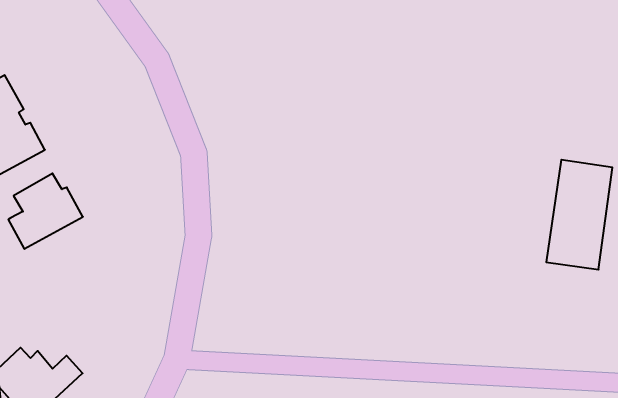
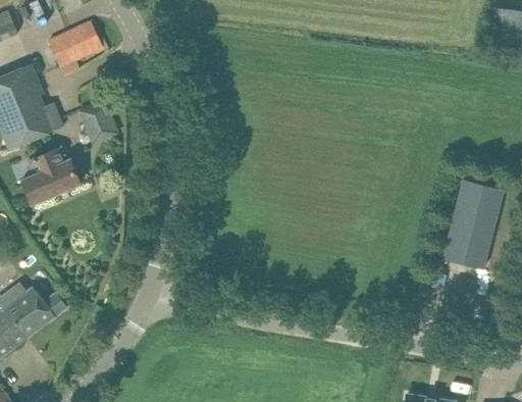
building: none -> [48,22,103,67]
building: none -> [77,99,119,141]

